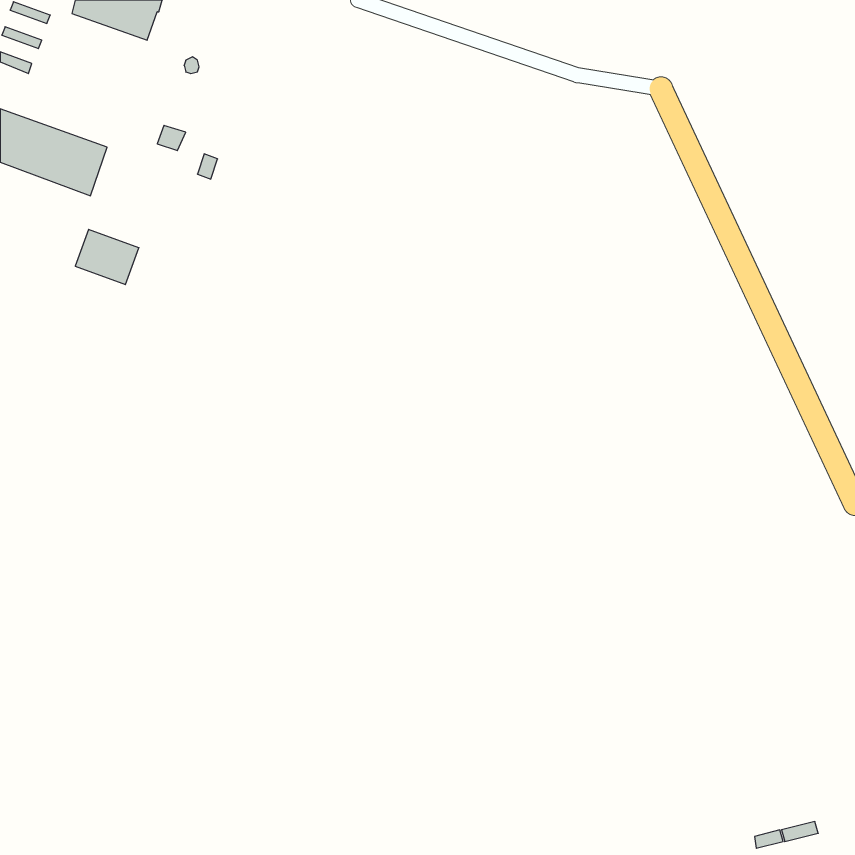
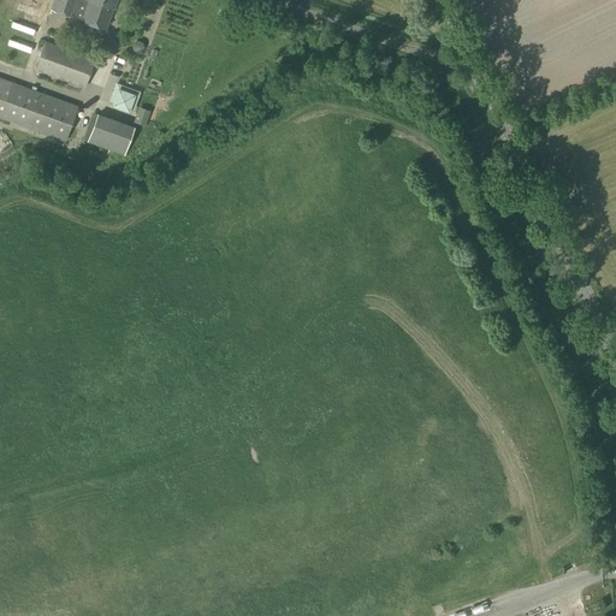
building: none -> [35,42,94,88]
building: [75,229,139,285] -> [88,114,134,154]

